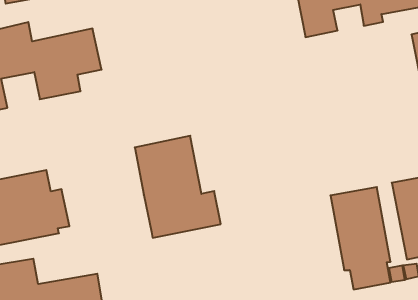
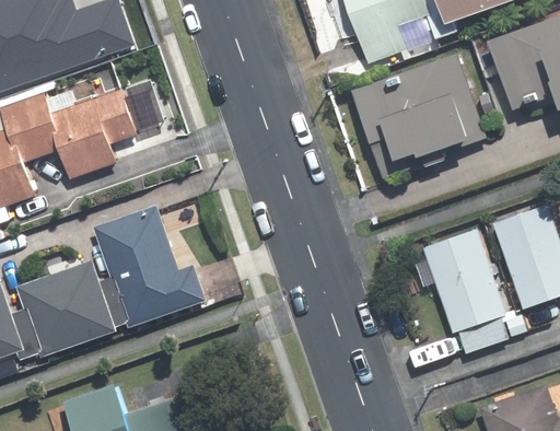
building: none -> [352,57,486,178]
building: [135,136,221,238] -> [92,205,205,329]

